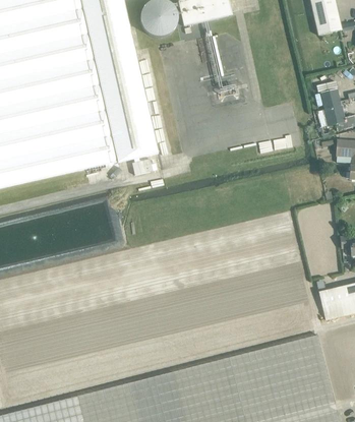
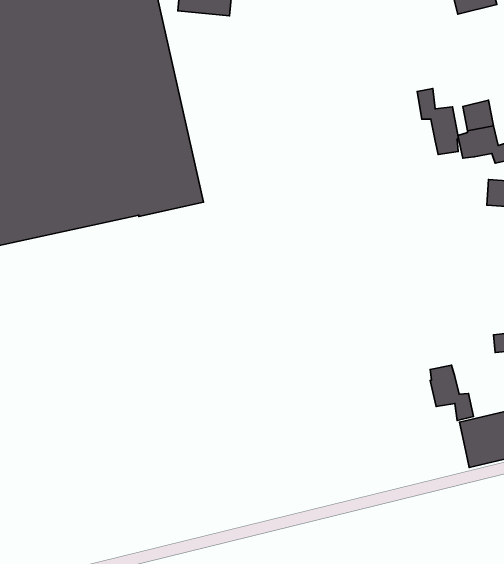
building: none -> [417,88,458,154]
building: none -> [430,365,474,420]

